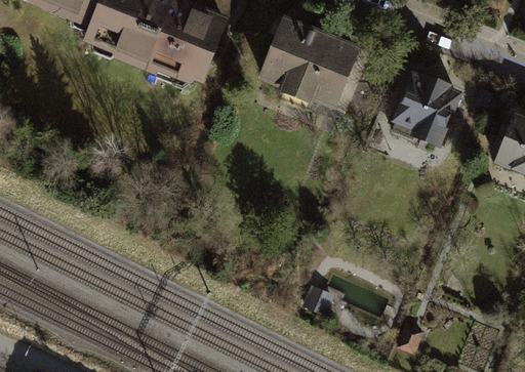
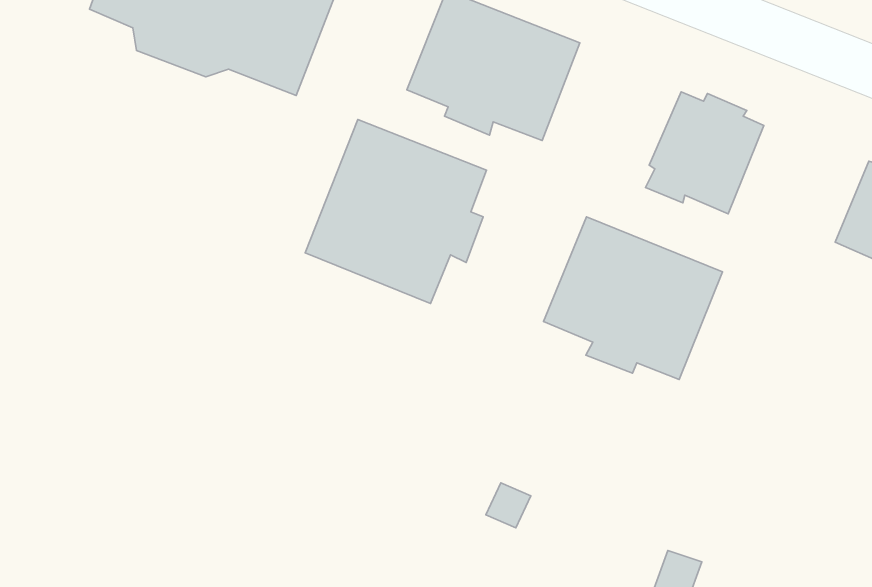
building: none -> [305,119,487,303]
building: none -> [543,217,722,379]

